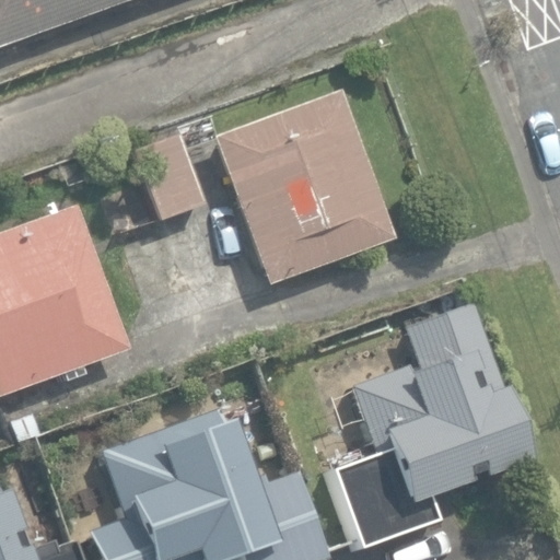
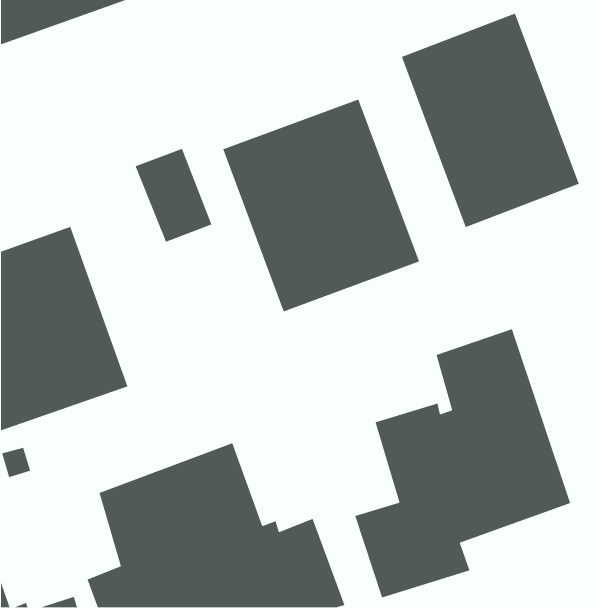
building: none -> [401,12,580,228]

